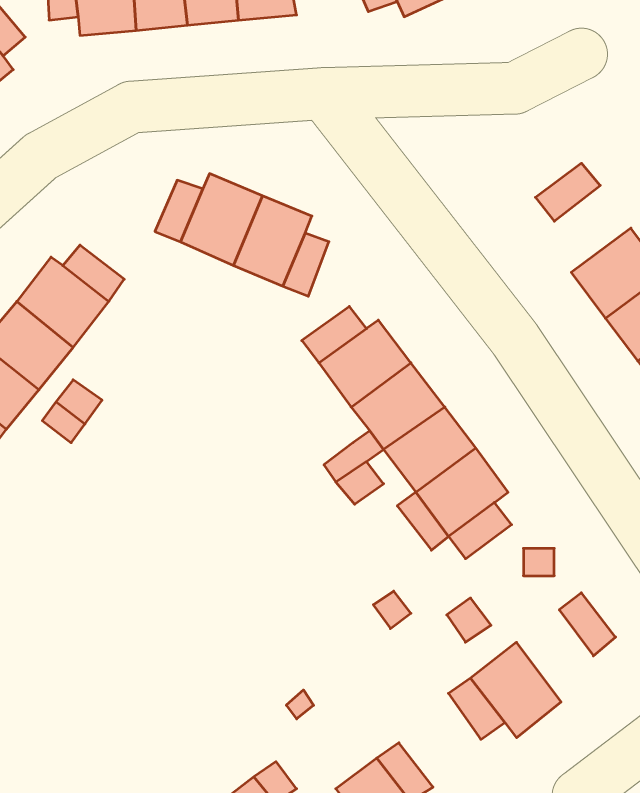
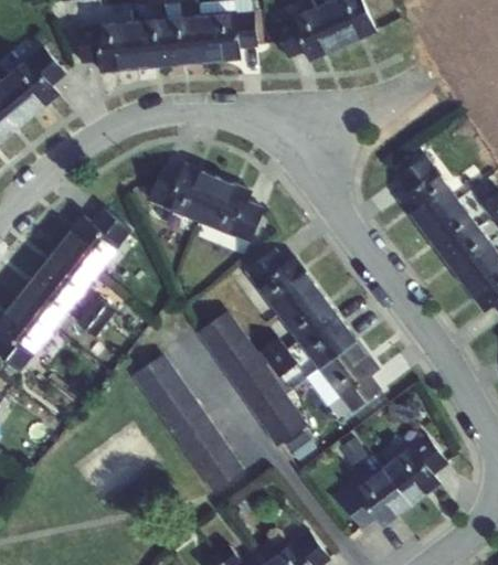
building: none -> [400,169,458,225]
building: none -> [198,309,307,445]
building: none -> [133,353,243,490]
building: none -> [384,444,441,503]

